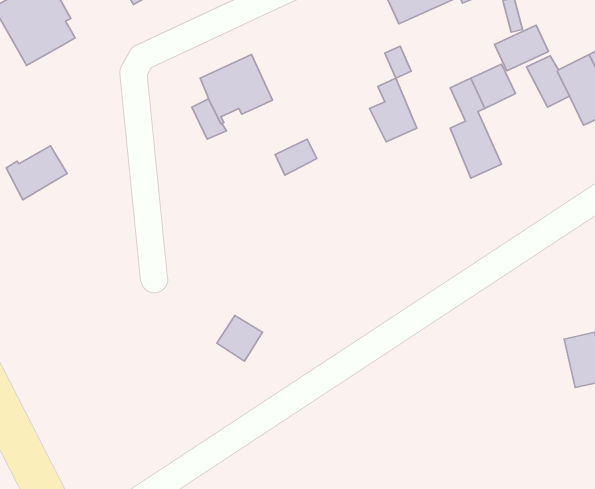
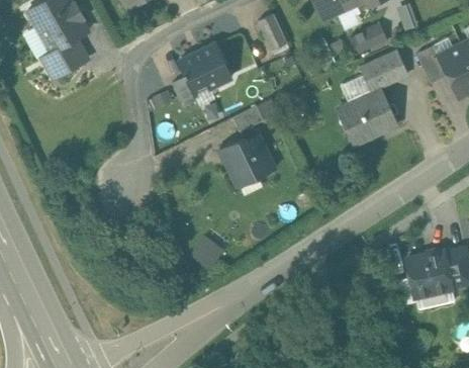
building: none -> [258,14,286,51]
building: [494,25,549,71] -> [347,22,386,56]
building: [370,78,417,142] -> [341,98,375,145]
building: [6,146,67,200] -> [42,39,87,79]
building: none -> [219,135,274,188]
building: none -> [405,251,451,297]

